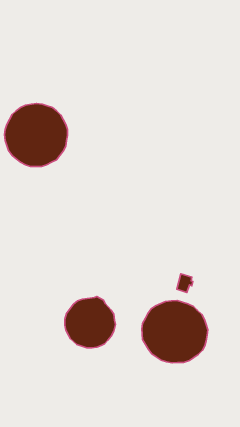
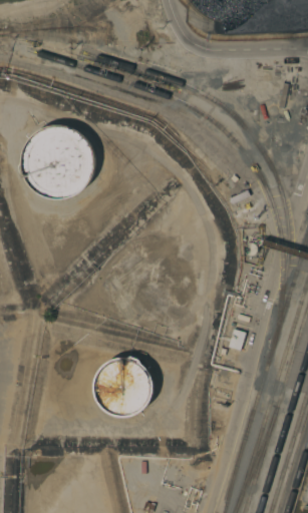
building: [142,301,208,363] -> none

